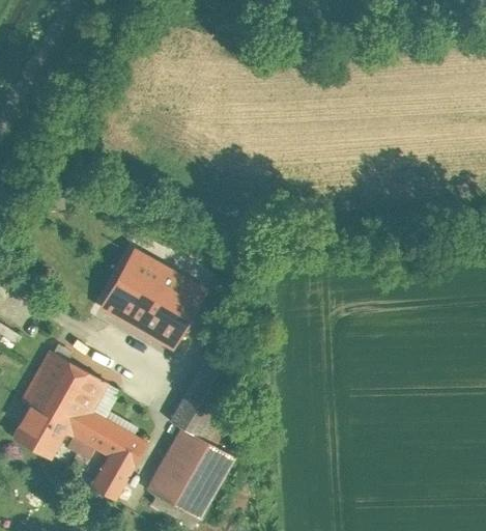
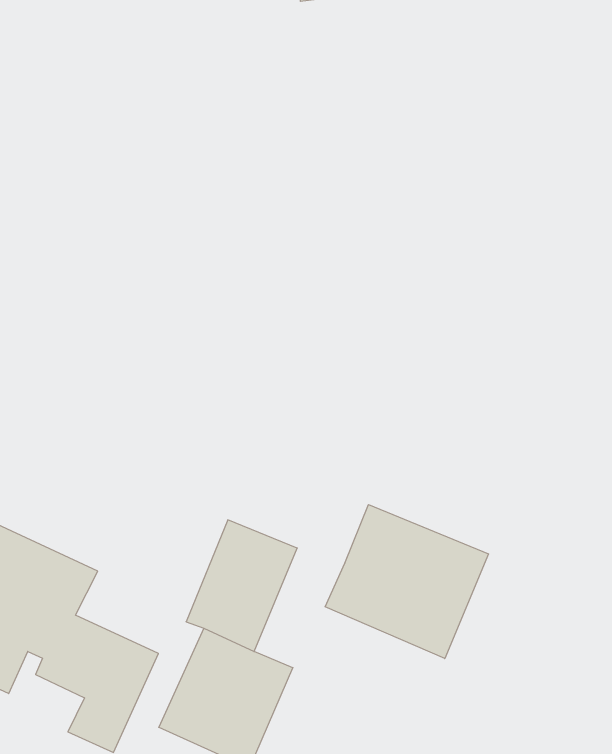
building: [99,246,210,351] -> none
building: none -> [325,505,488,659]

